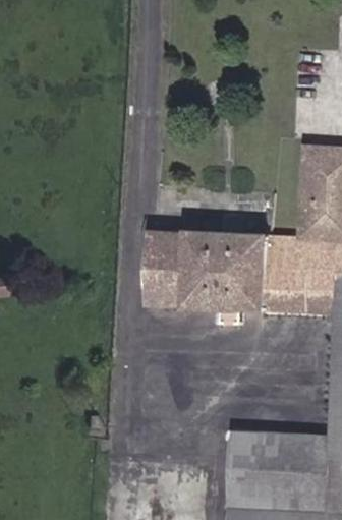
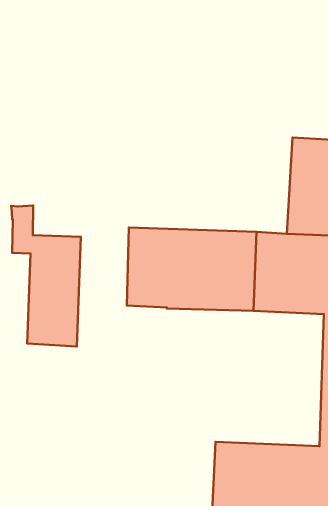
building: none -> [11,206,81,347]

